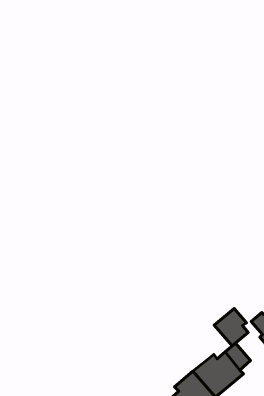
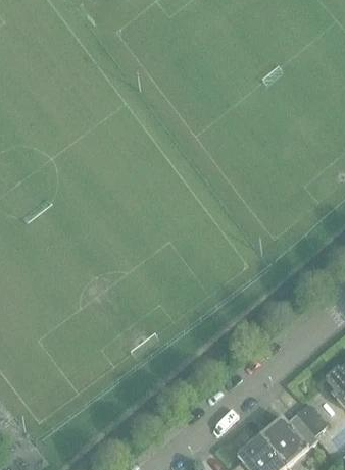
building: [214,308,248,346] -> none

